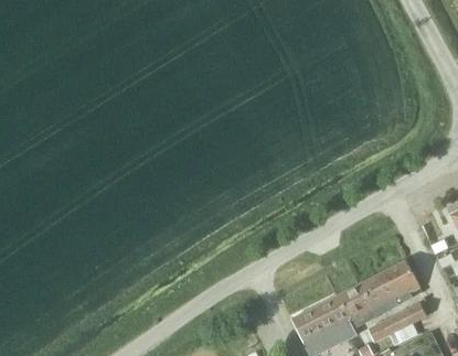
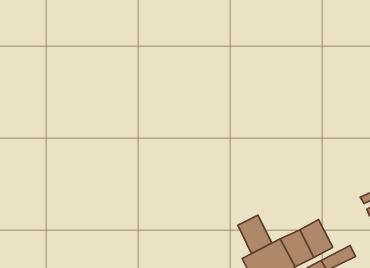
building: [382,259,419,303] -> none
building: none -> [238,215,272,254]

